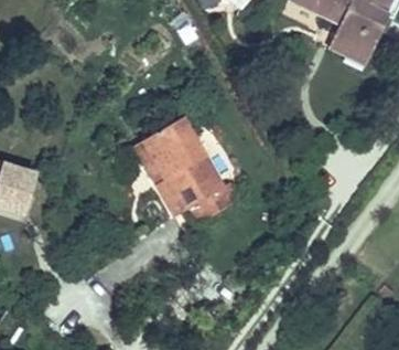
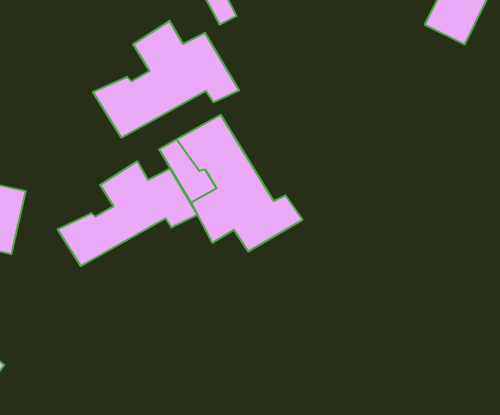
building: none -> [93,21,239,138]
building: none -> [58,161,197,266]

